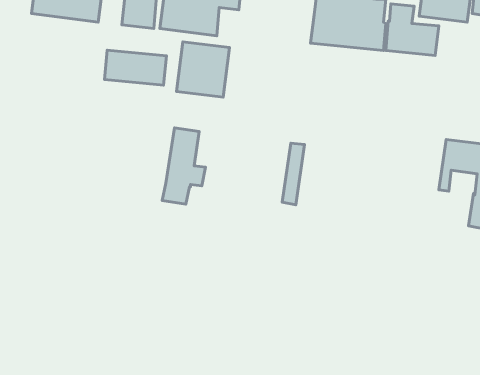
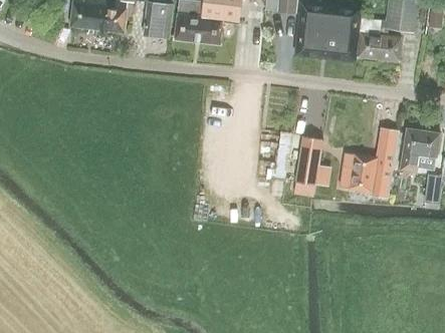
building: [177,42,230,97] -> none
building: [104,50,166,85] -> none
building: [162,128,205,204] -> [292,136,327,199]
building: none -> [340,128,398,195]

